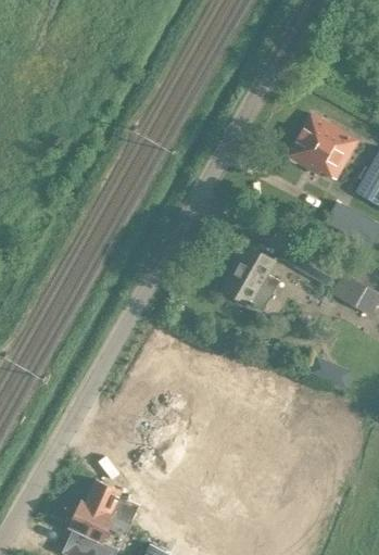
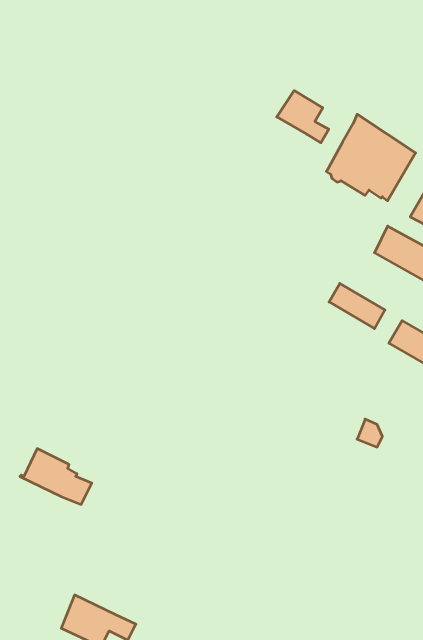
building: none -> [277,91,329,143]
building: [220,247,278,311] -> none
building: [80,479,139,525] -> [20,449,92,504]

